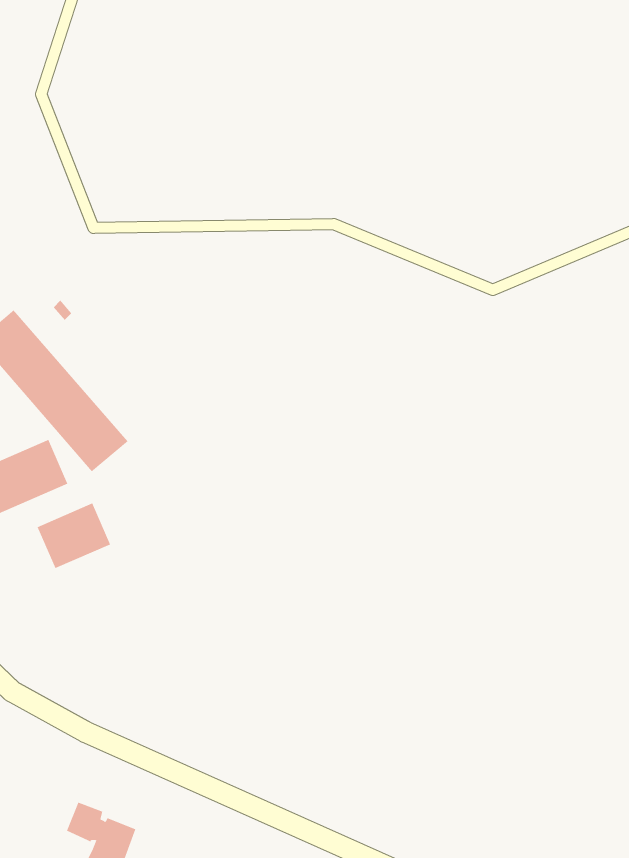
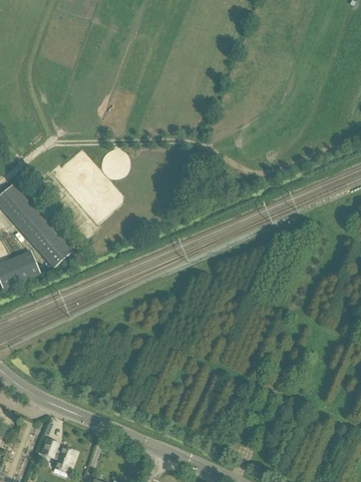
building: [37,503,111,569] -> none

